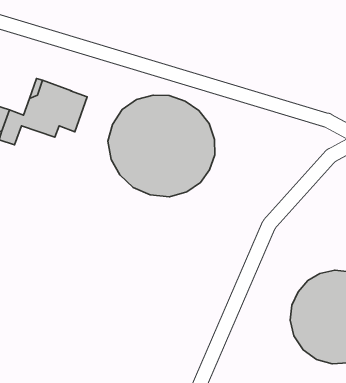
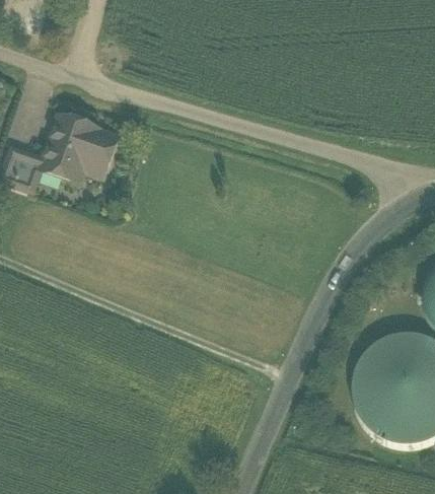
building: [108,95,215,197] -> none

